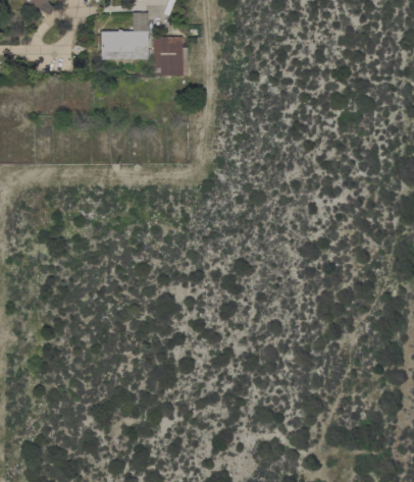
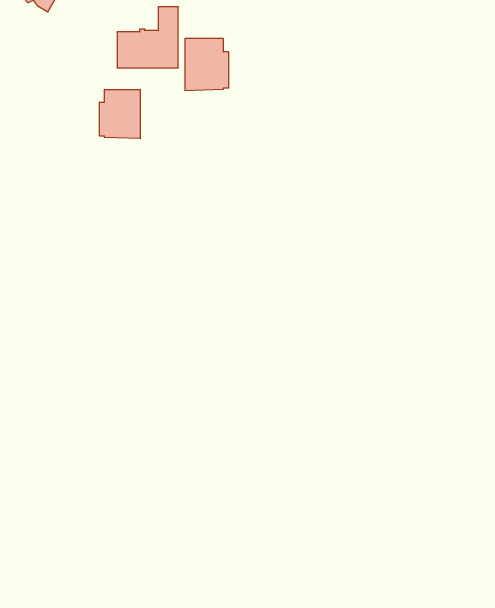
building: none -> [100,89,140,139]

